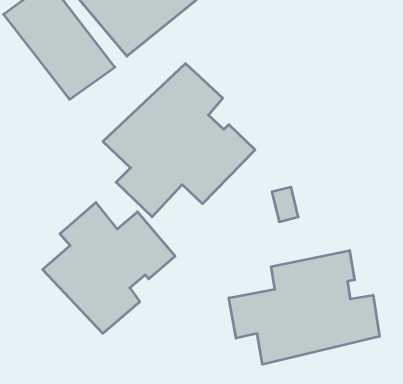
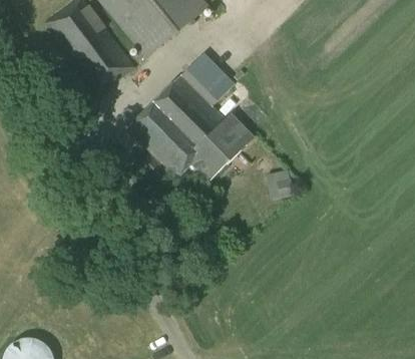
building: [43,202,175,333] -> none
building: [229,250,380,364] -> none

